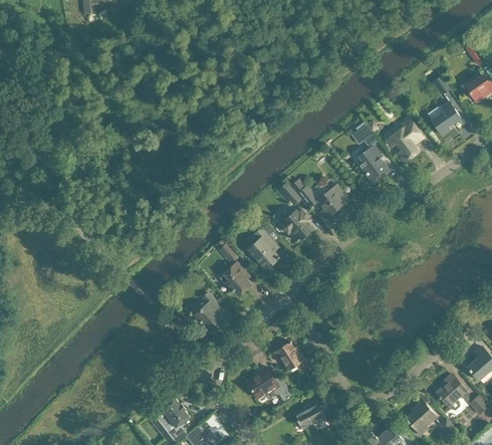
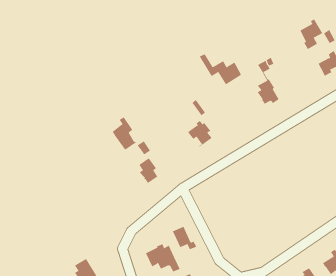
building: [392,120,422,160] -> [299,18,323,50]
building: [291,179,347,215] -> [199,53,242,85]
building: [247,227,279,269] -> [112,117,136,151]
building: [195,292,227,329] -> none

